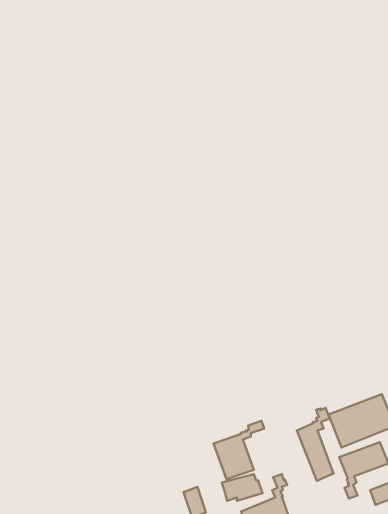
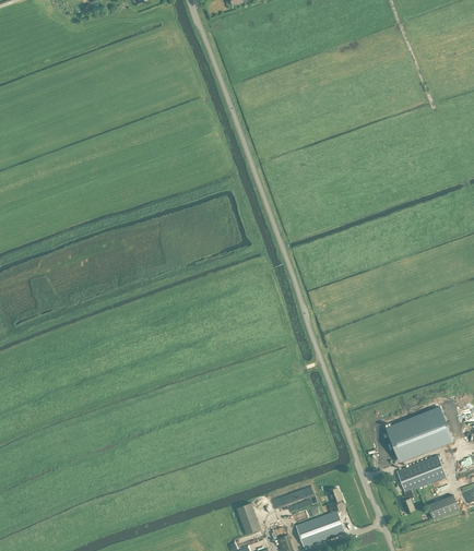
building: [297,408,334,481] -> none
building: [213,421,264,479] -> none

